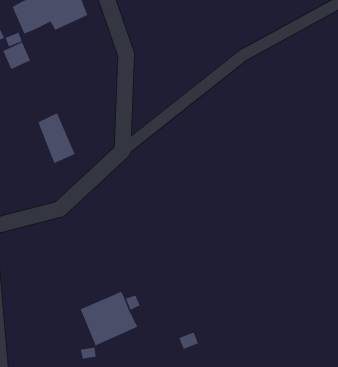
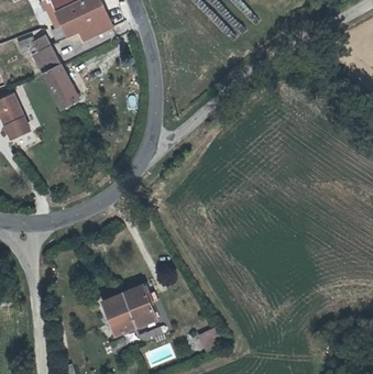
building: [37,113,75,164] -> [41,66,76,113]

